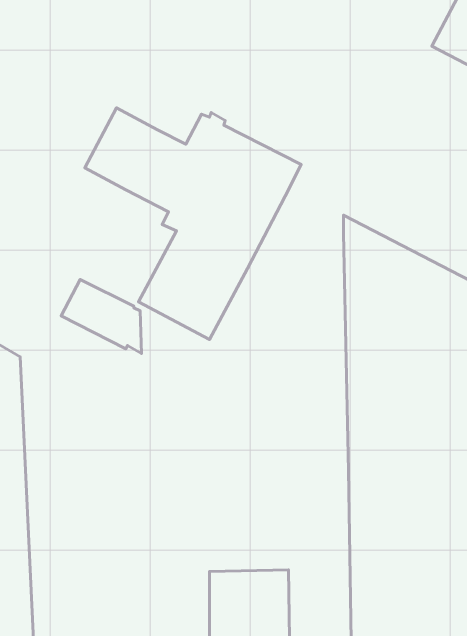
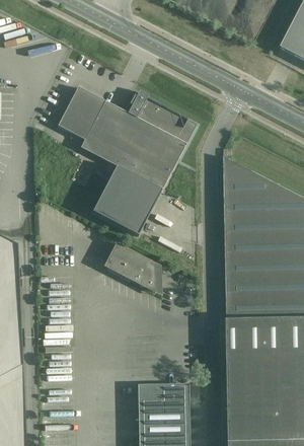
building: [61,279,142,354] -> [102,243,154,291]

